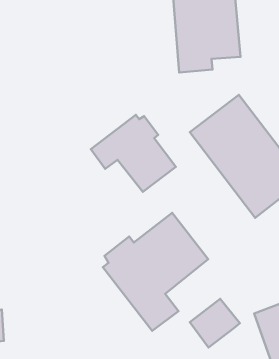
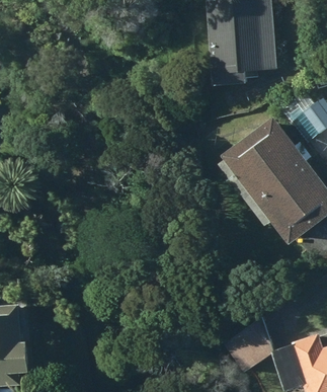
building: [91,115,176,192] -> none
building: [103,213,208,331] -> none

